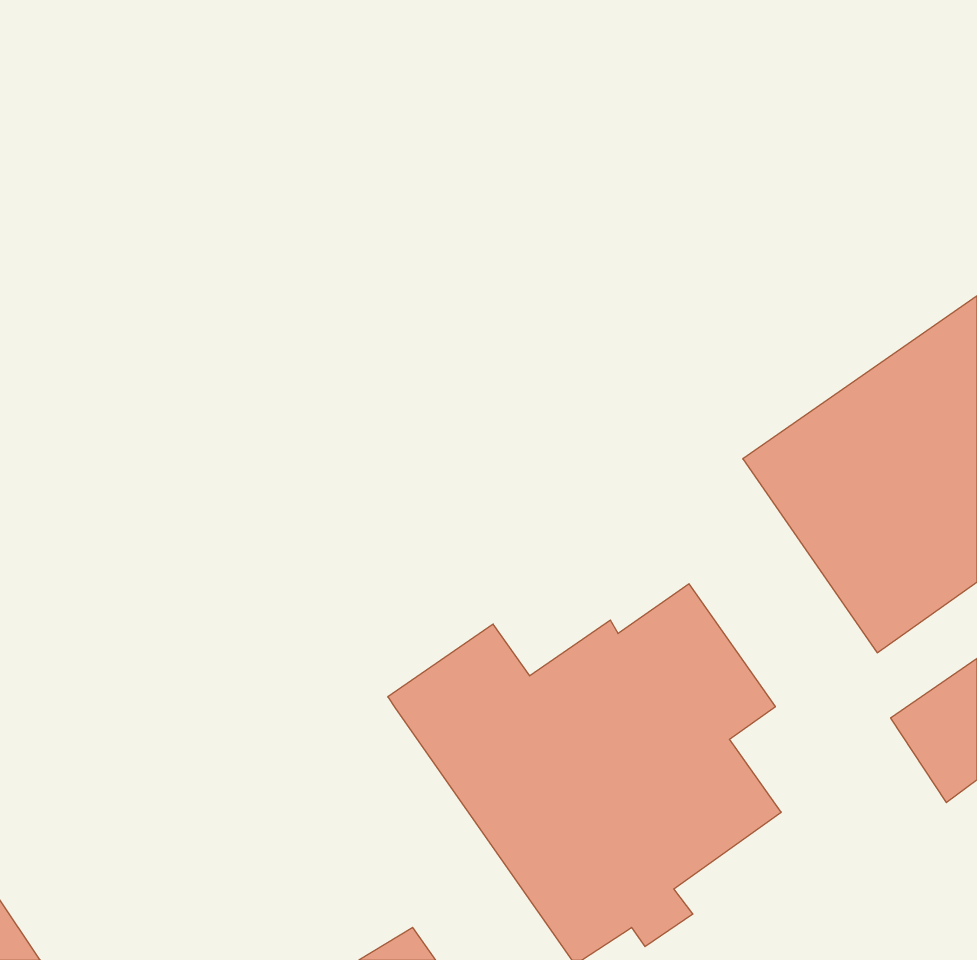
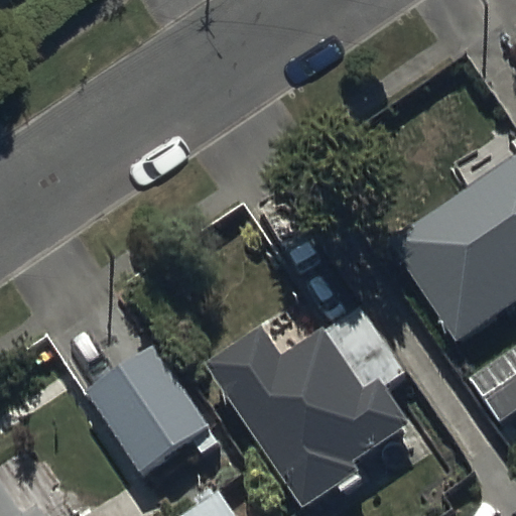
building: none -> [86,345,213,476]

